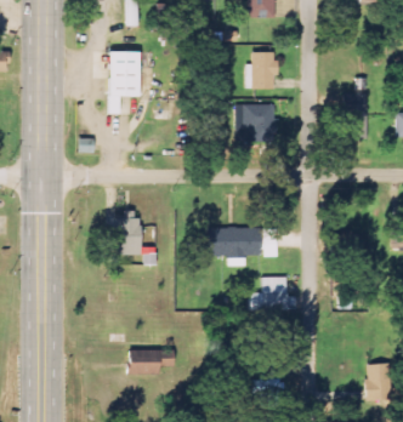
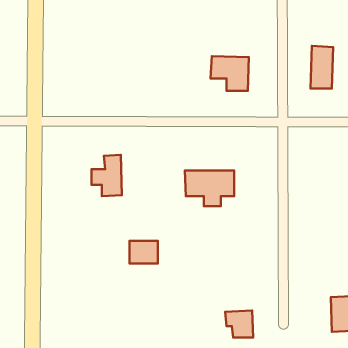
building: [107,51,137,97] -> none
building: [248,52,278,90] -> none
building: [249,278,295,310] -> none
building: [126,350,157,375] -> [130,241,158,263]

